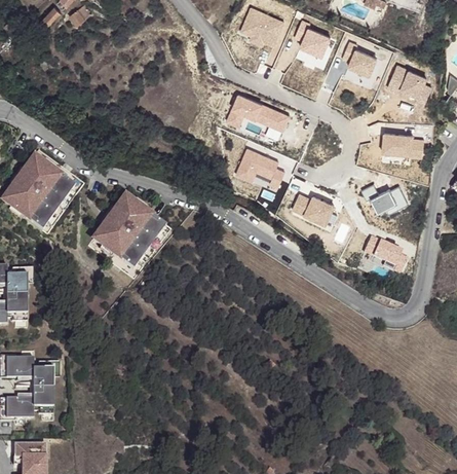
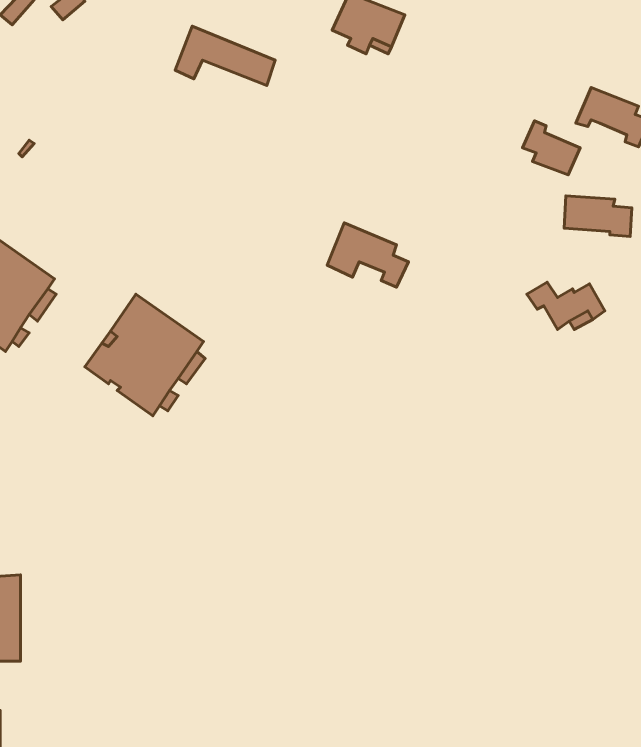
building: [296,21,332,57] -> none
building: [343,42,378,75] -> [522,121,580,175]
building: [229,95,290,131] -> [175,26,275,86]
building: [295,193,337,224] -> none
building: [367,236,410,272] -> none

